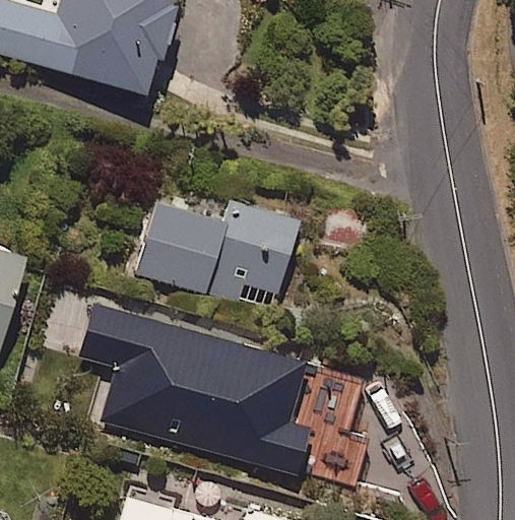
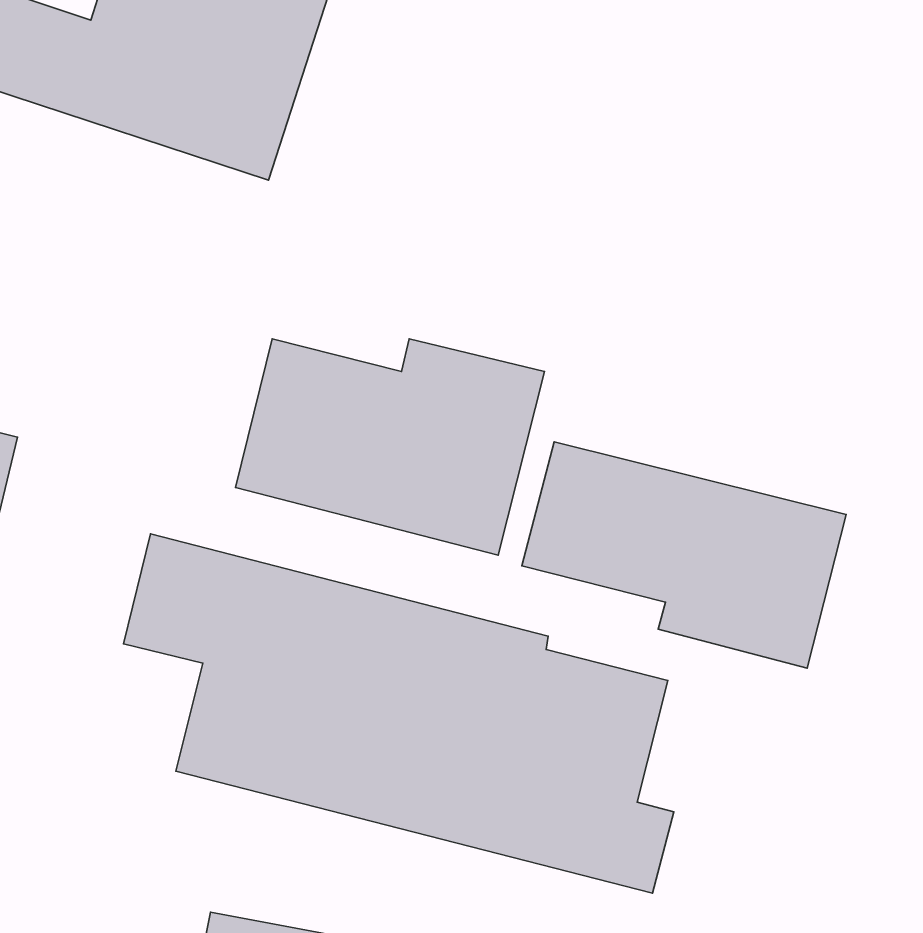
building: none -> [522,442,846,668]

